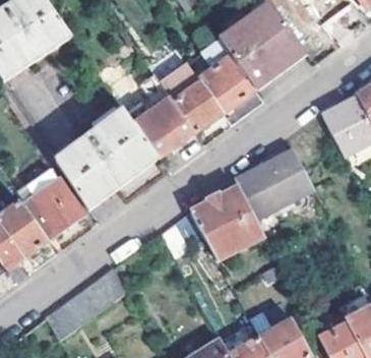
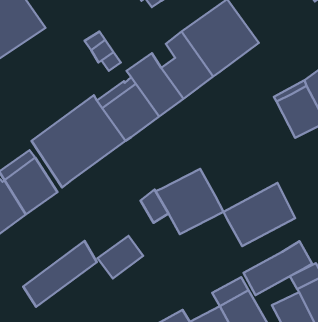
building: [235,150,313,219] -> [223,183,295,246]
building: none -> [97,236,143,278]
building: none -> [243,241,312,295]

